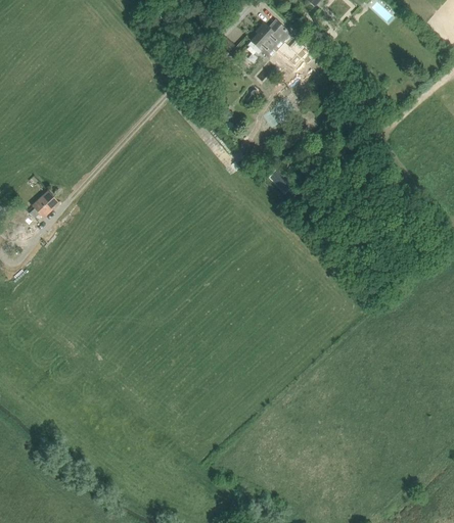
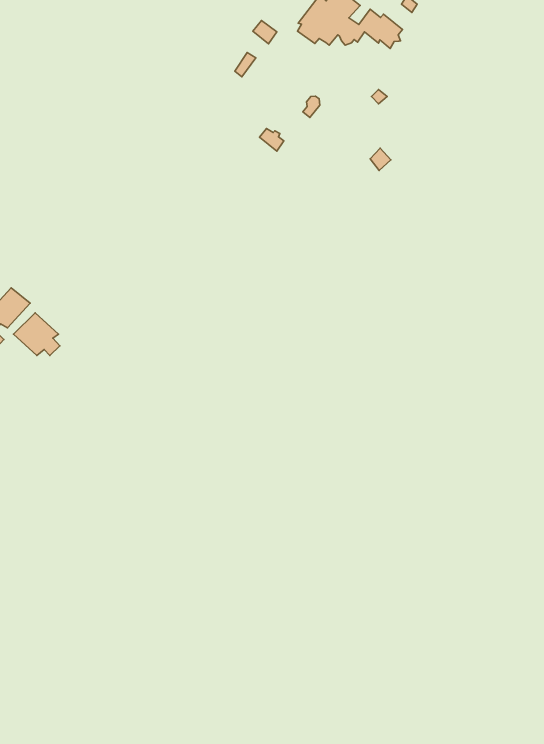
building: none -> [14,313,60,356]

